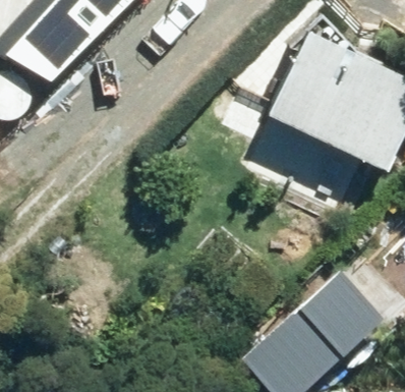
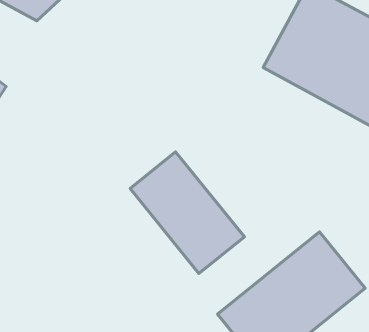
building: none -> [130,152,244,274]

